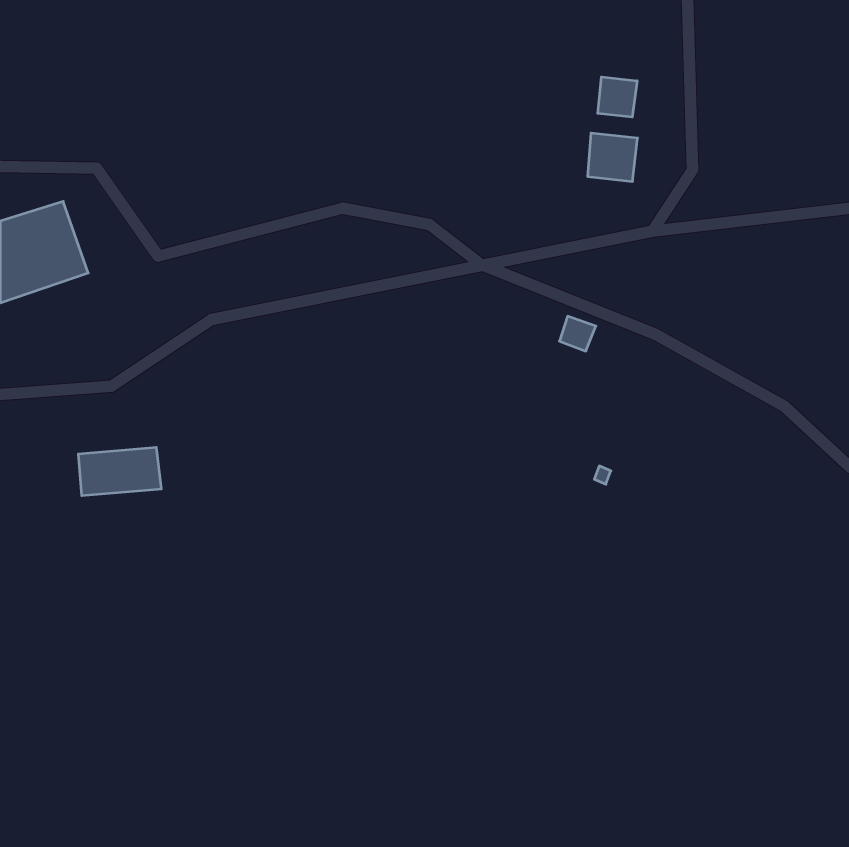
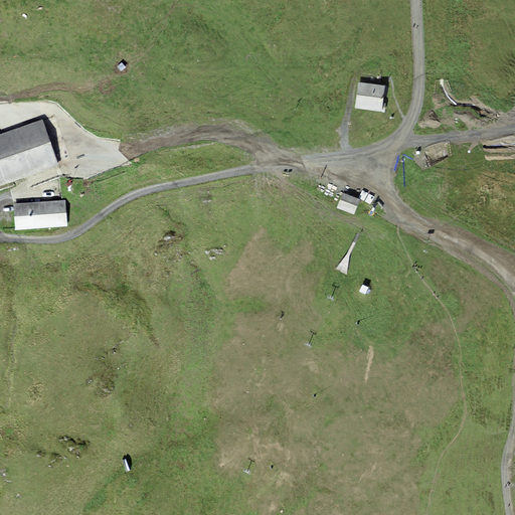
building: [598,77,637,117] -> none
building: [78,447,161,496] -> [12,200,62,229]

